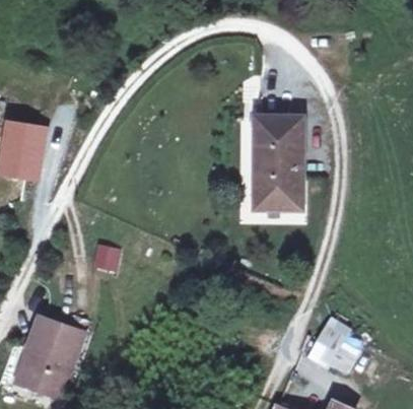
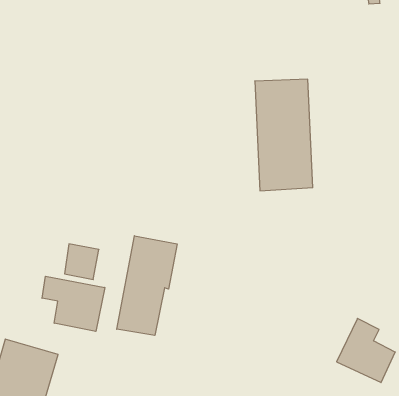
building: none -> [117,236,177,335]
building: none -> [42,276,105,331]

